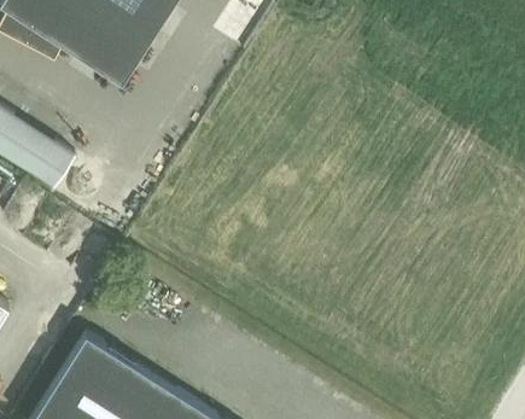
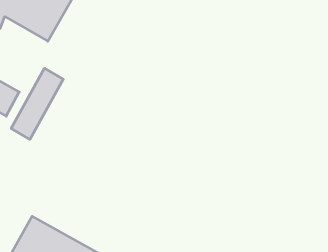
building: none -> [11,68,63,139]

